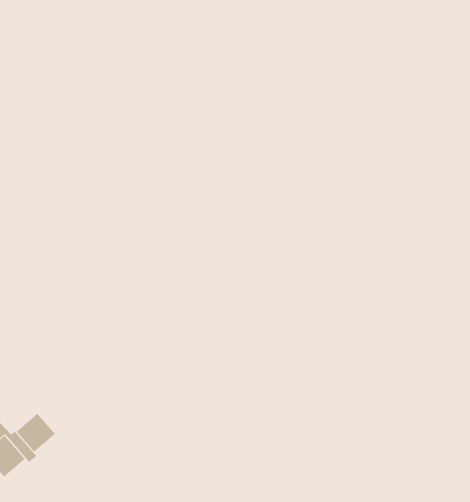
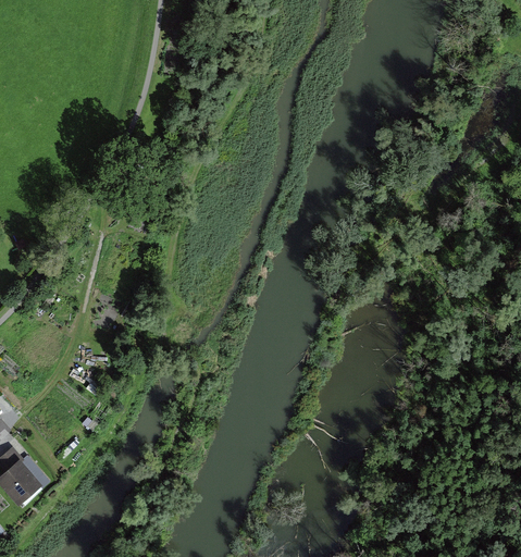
building: [16,413,55,453] -> none

